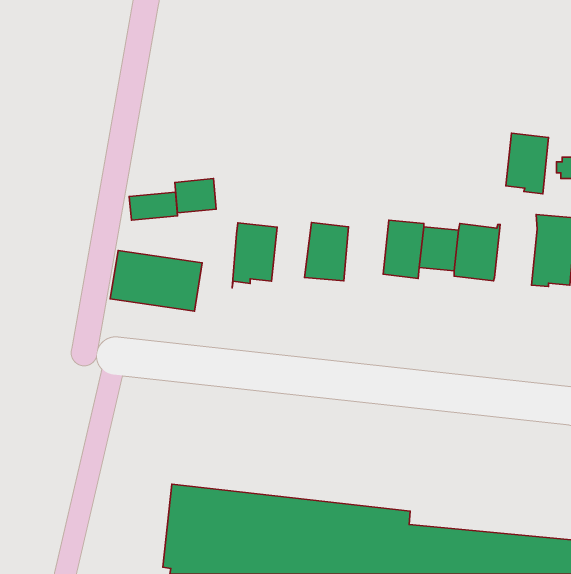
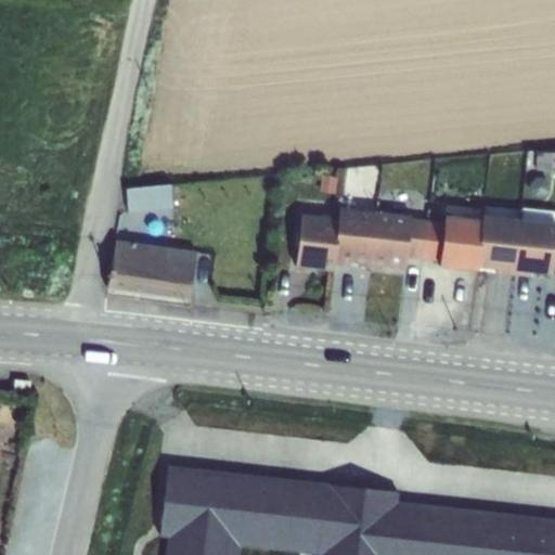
building: [506,133,549,194] -> [480,217,521,275]
building: [175,179,216,213] -> none
building: [232,223,277,288] -> [335,208,378,271]

